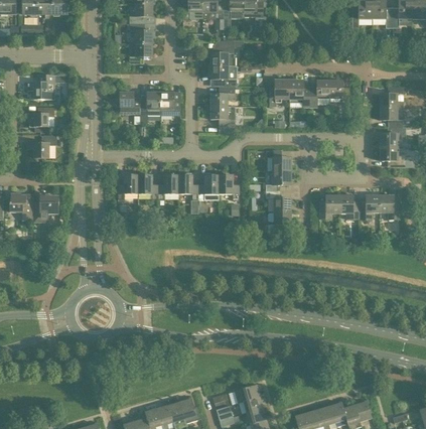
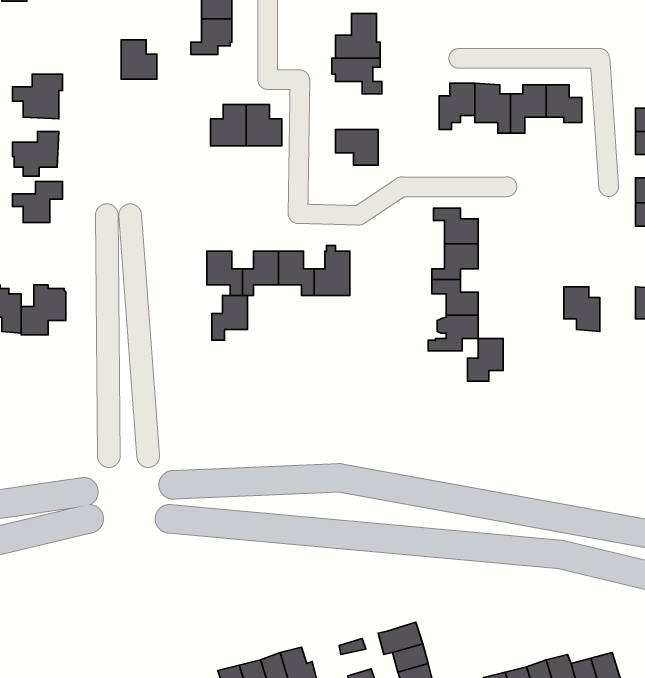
building: [210,86,239,106] -> none
building: [120,92,140,114] -> [121,40,157,79]
building: [118,174,138,199] -> [212,296,248,340]
building: [219,174,239,200] -> none
building: [319,194,339,219] -> [468,338,503,381]
building: [360,194,380,220] -> none

